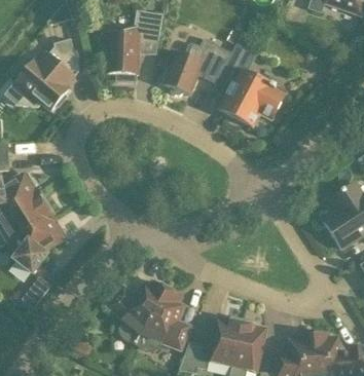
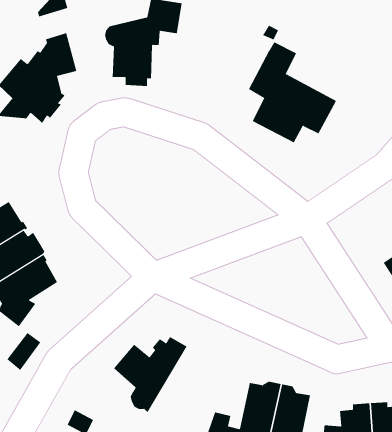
building: [163,37,232,95] -> none
building: [136,288,190,348] -> none

